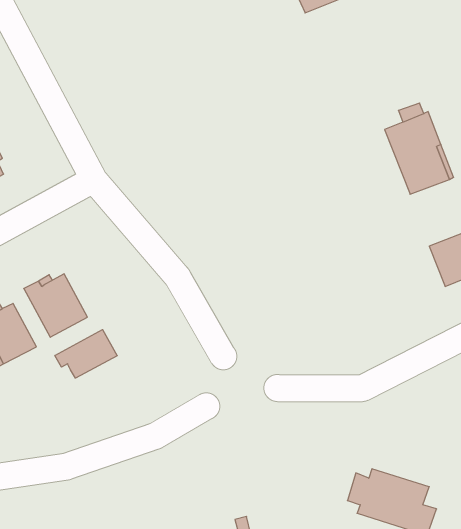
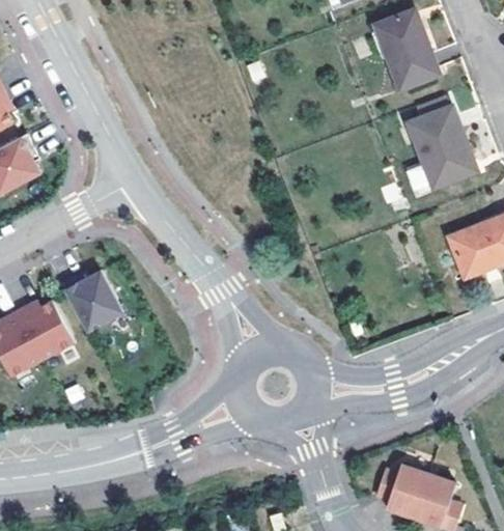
building: none -> [376,16,440,93]
building: [55,330,117,378] -> none

